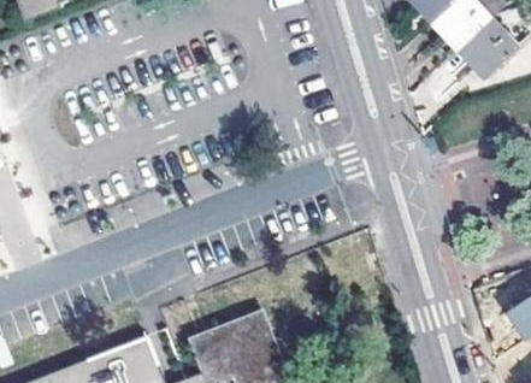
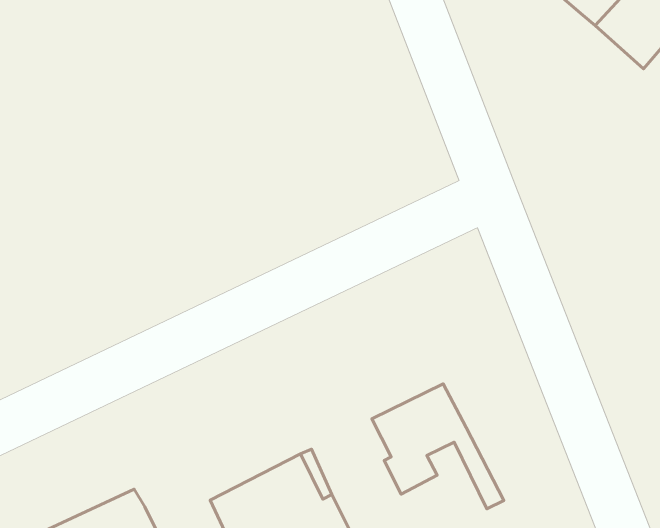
building: none -> [372,384,504,509]

